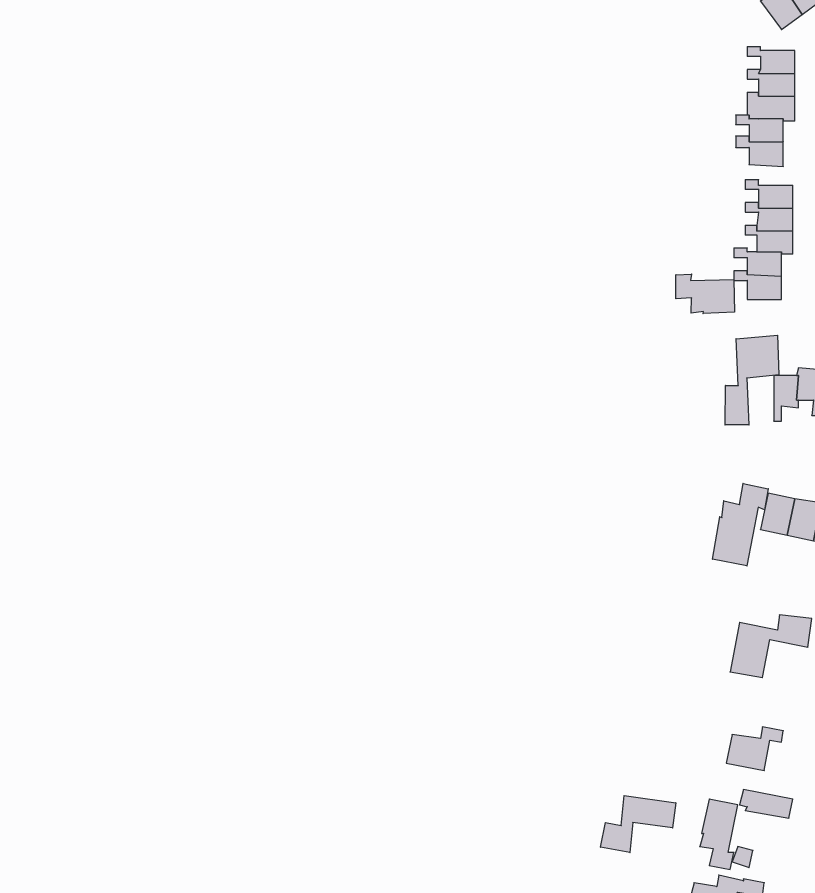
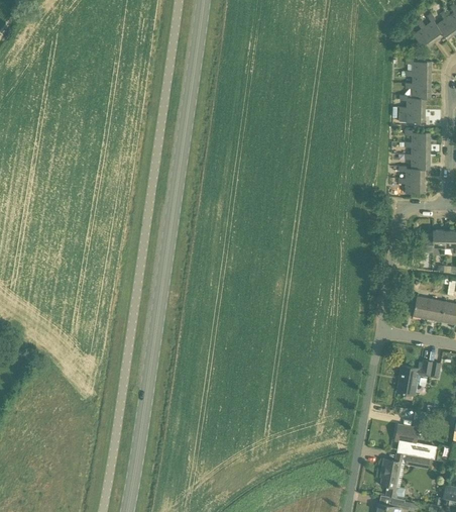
building: [676,274,734,314] -> none
building: [725,335,779,425] -> none
building: [713,483,768,566] -> none
building: [601,796,676,853] -> none

